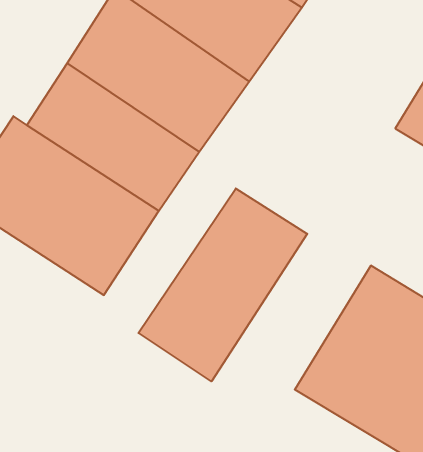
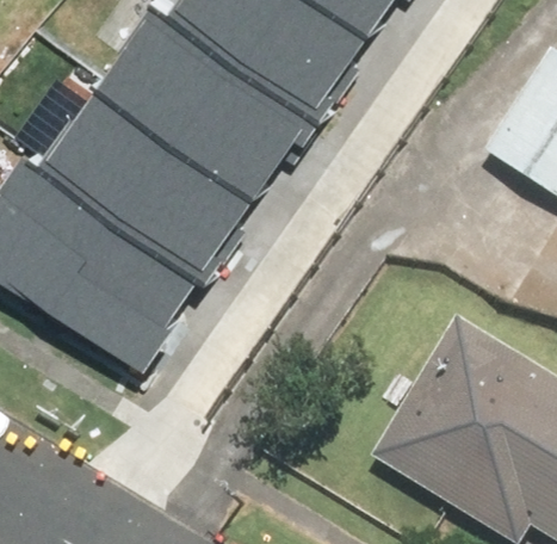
building: [138,188,307,381] -> none

